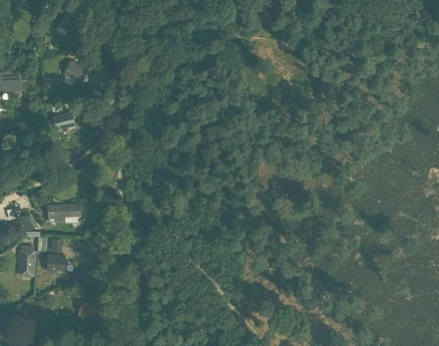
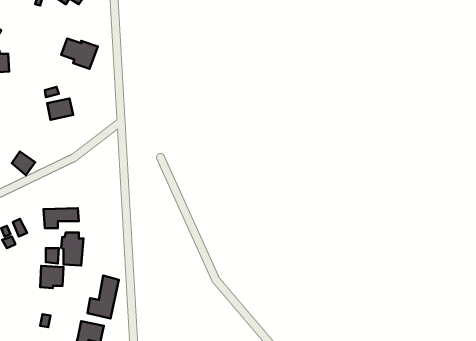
building: [17,246,36,274] -> [61,233,84,266]
building: none -> [87,276,119,319]

